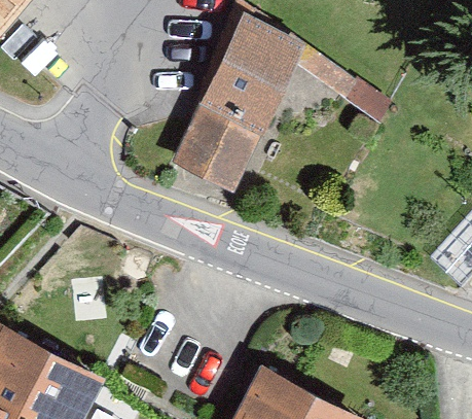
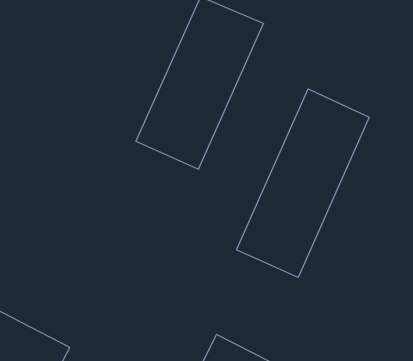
building: none -> [237,89,369,277]

